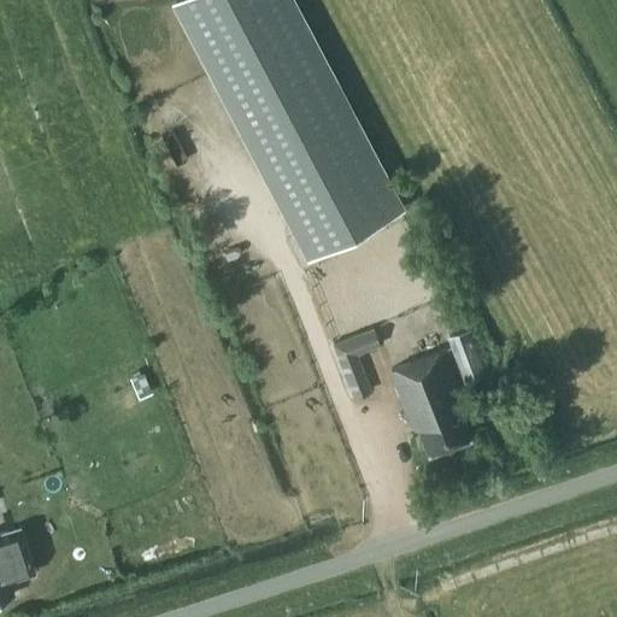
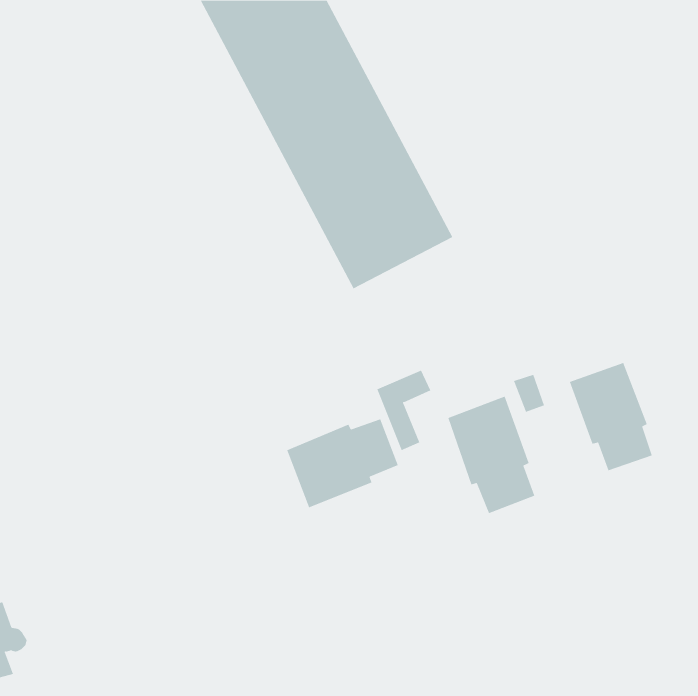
building: none -> [569,362,652,471]
building: none -> [286,418,399,508]

